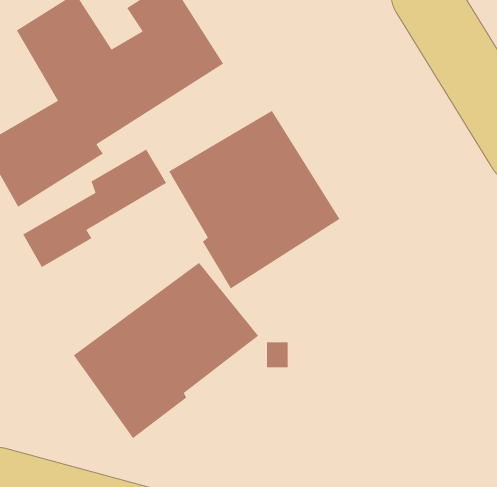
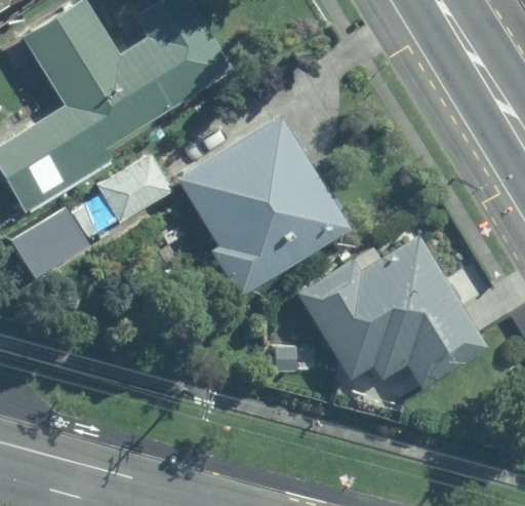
building: none -> [296,232,488,388]
building: [73,262,259,439] -> none

